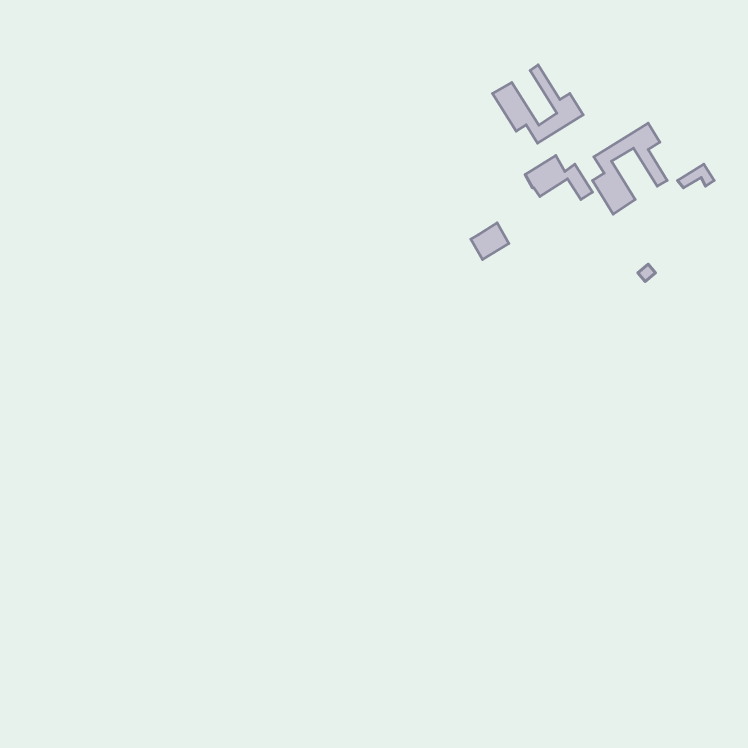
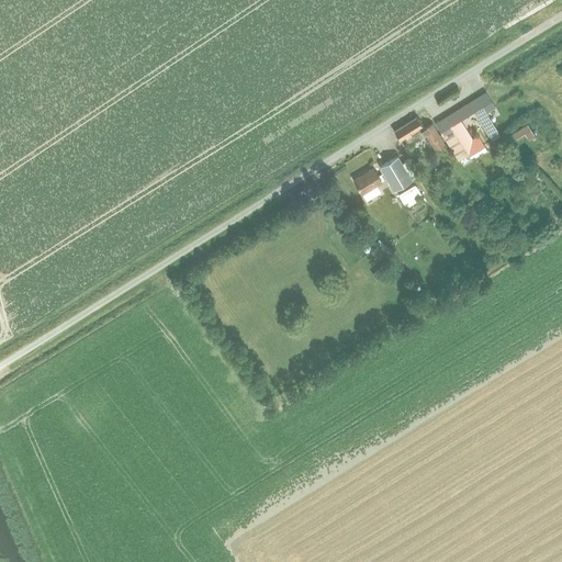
building: [492,65,583,143] -> none
building: none -> [380,157,412,191]

